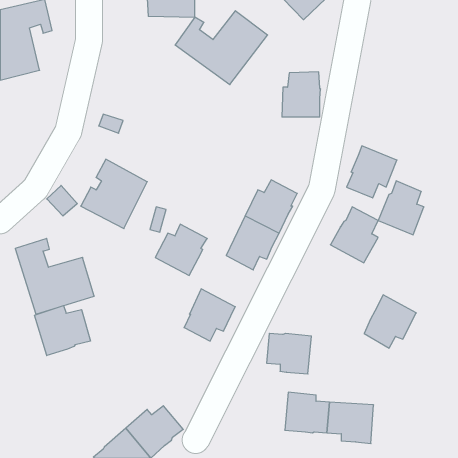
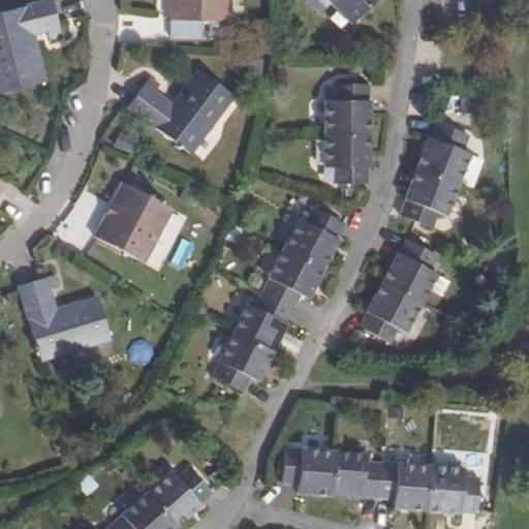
building: [175,11,268,85] -> [128,69,235,154]
building: none -> [324,134,369,183]
building: [378,181,424,235] -> [417,122,470,184]
building: [155,224,207,275] -> [232,293,292,352]
building: [364,295,416,348] -> [360,281,419,342]
building: [34,306,90,356] -> none
building: [267,333,311,374] -> [281,447,333,494]
building: none -> [428,465,479,511]

